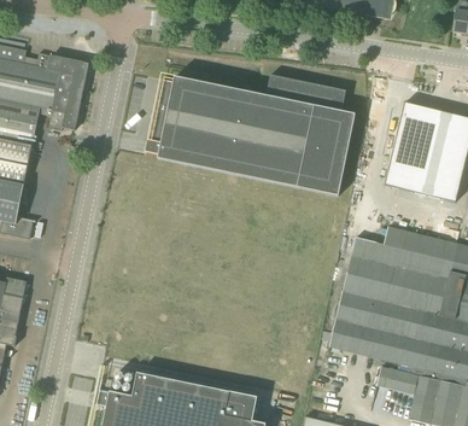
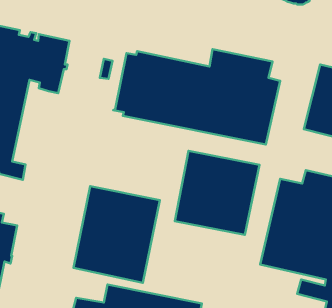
building: none -> [175,151,259,235]
building: none -> [74,186,160,283]

